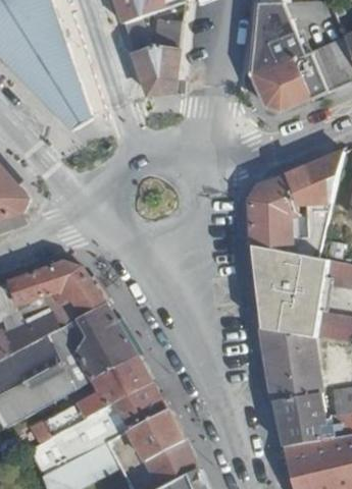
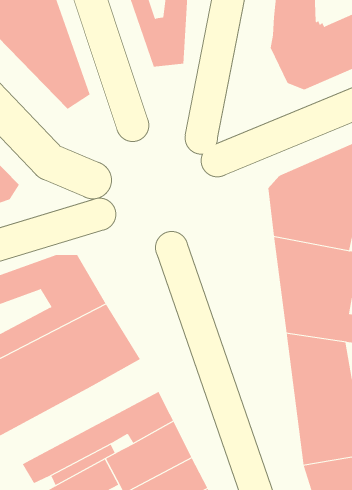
building: [30,354,152,443] -> none

